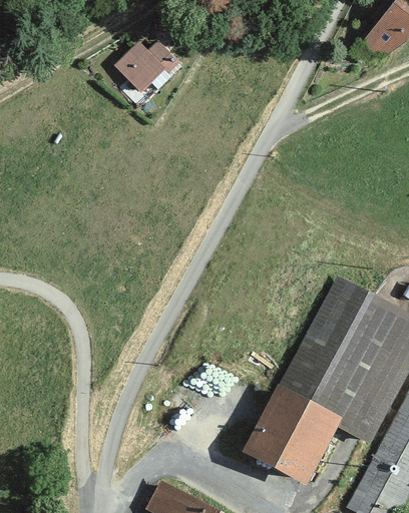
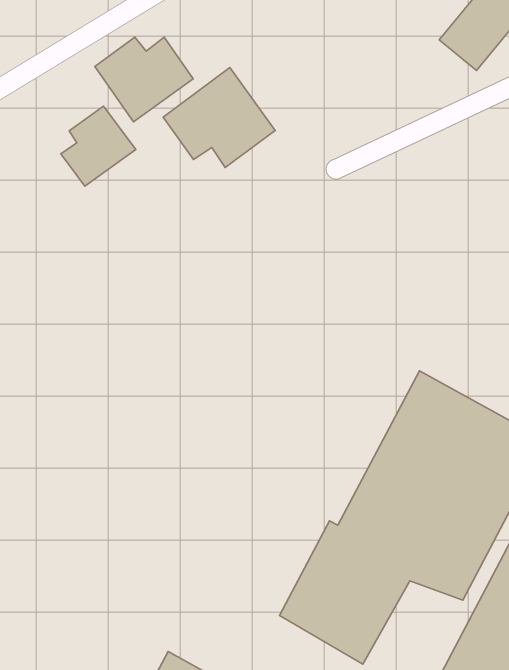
building: none -> [163,68,275,168]
building: none -> [61,106,136,186]

